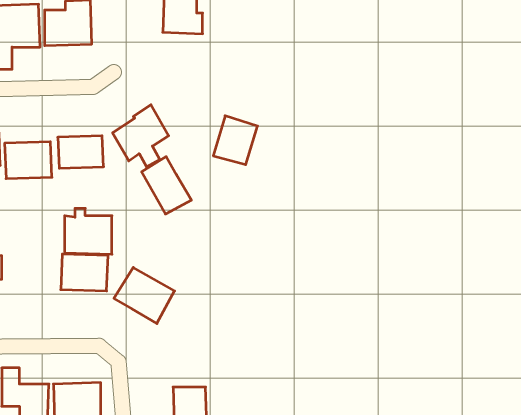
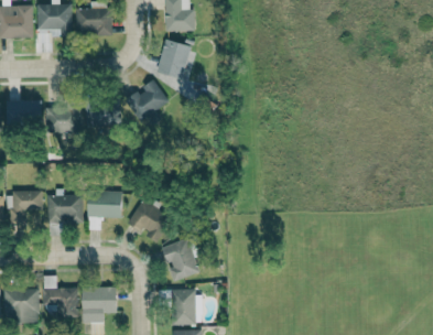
building: [213,116,258,165] -> [156,43,190,79]
building: [142,157,191,214] -> none
building: [65,208,112,254] -> [47,190,83,224]
building: none -> [162,239,197,281]

